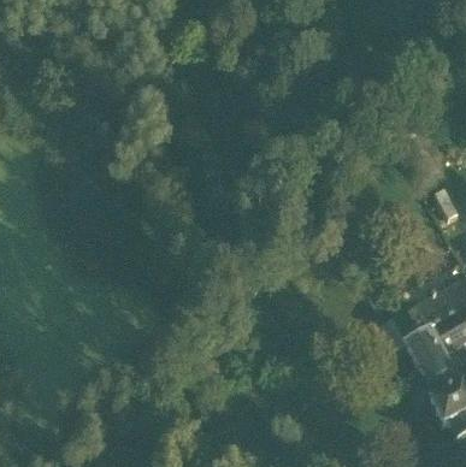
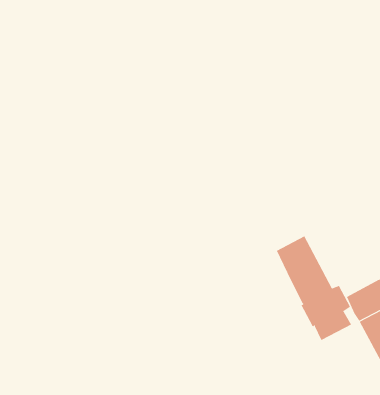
building: none -> [276,235,352,341]

